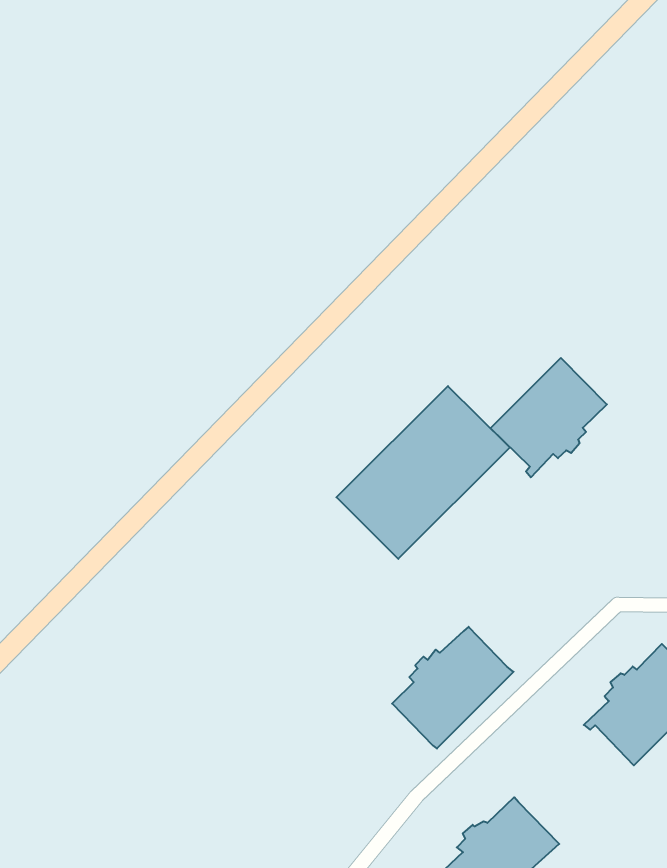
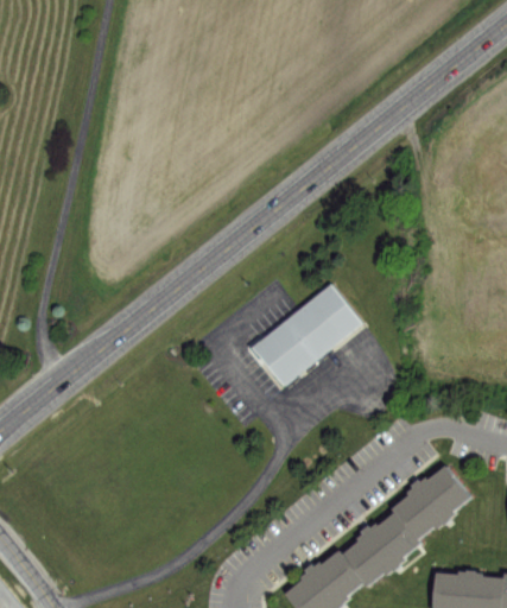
building: [490,358,607,477] -> none
building: [392,627,514,749] -> [342,511,422,585]

